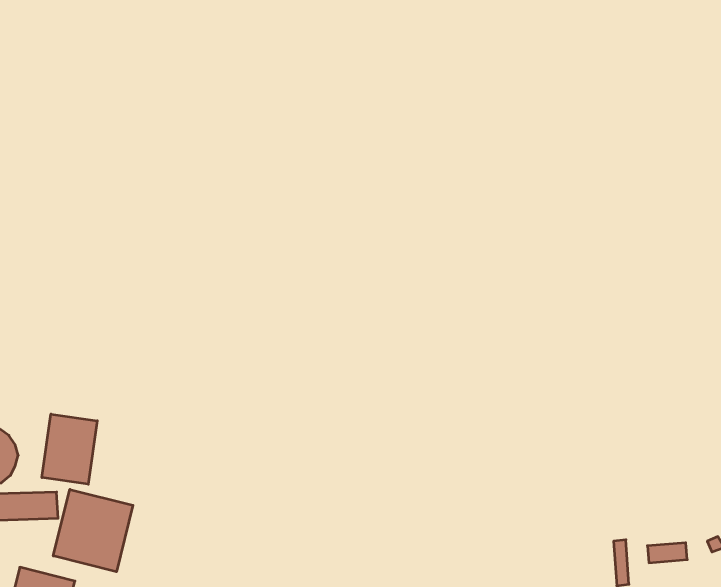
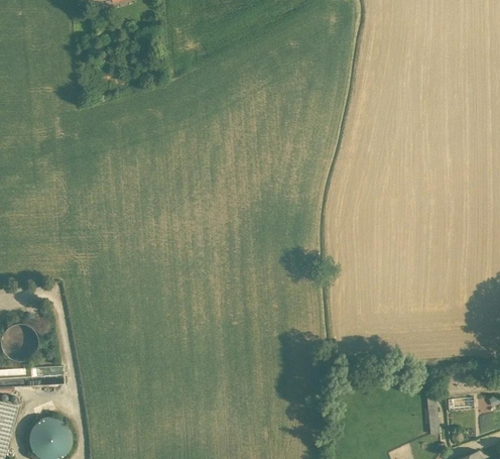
building: [42,414,97,484] -> none
building: [53,489,133,572] -> none

